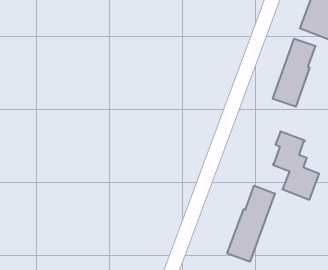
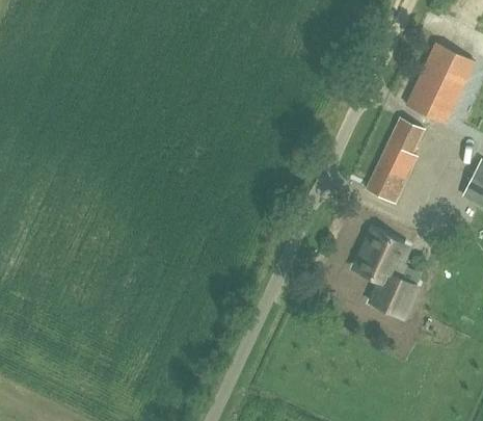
building: [227,186,275,262] -> none

